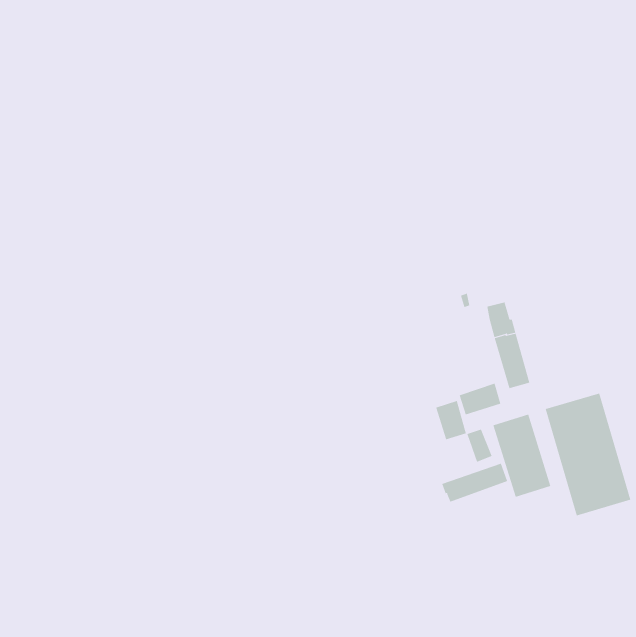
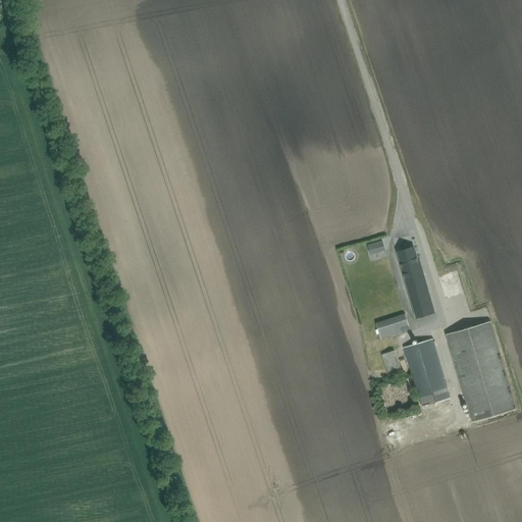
building: [436,400,466,440] -> none
building: [442,463,508,502] -> none

